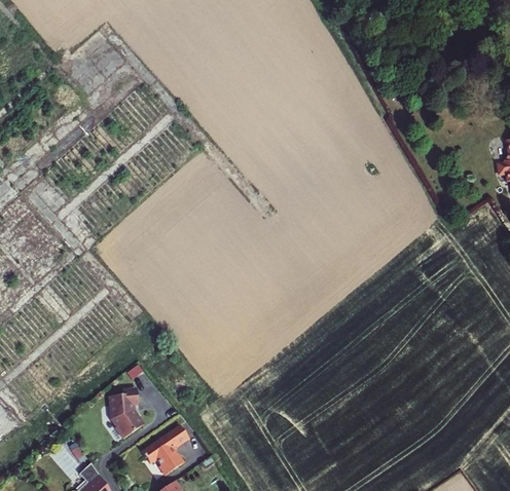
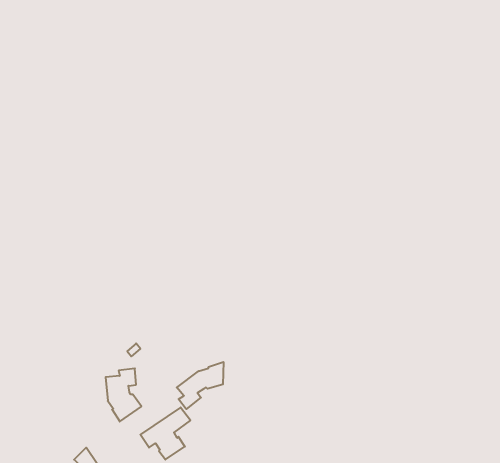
building: none -> [177,362,223,409]

